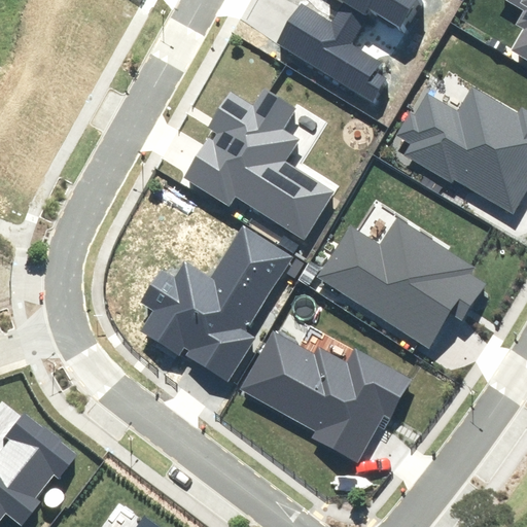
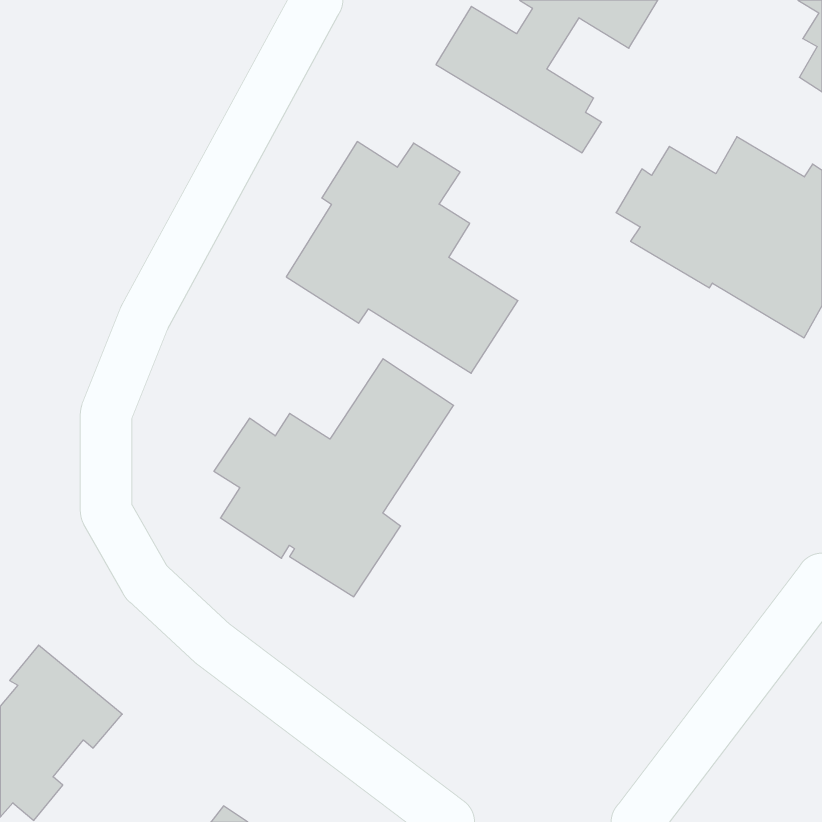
building: [319,218,485,347] -> none
building: [240,331,412,461] -> none

